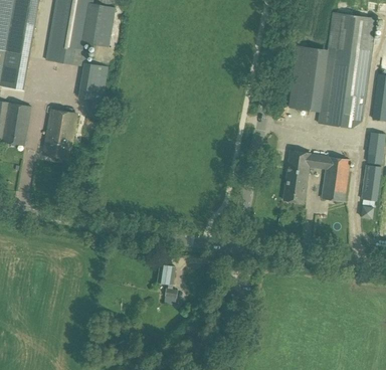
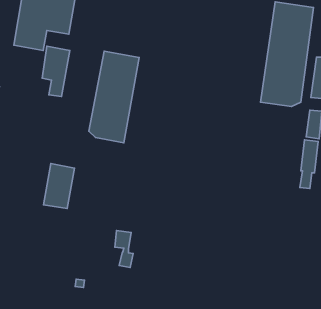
building: [288,43,319,108] -> none
building: none -> [89,51,139,143]
building: [43,108,77,157] -> [43,163,75,208]
building: [283,150,350,202] -> none

